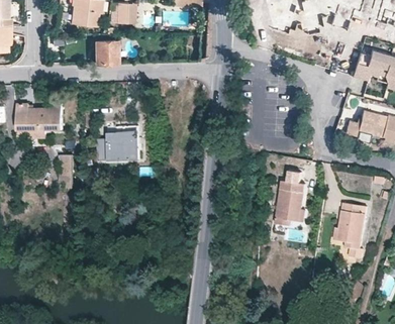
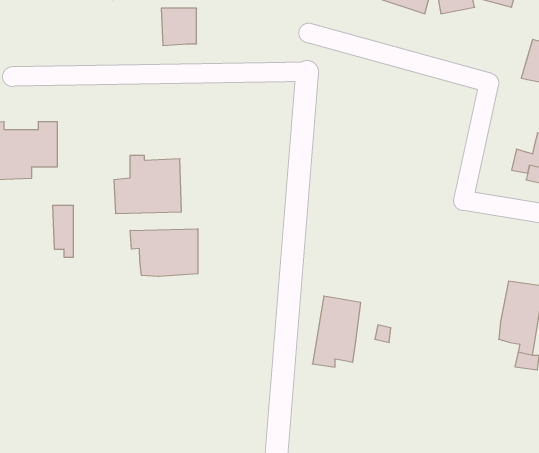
building: [96,40,118,64] -> [161,8,197,45]
building: none -> [130,229,198,277]
building: [277,181,307,225] -> [312,296,361,367]

